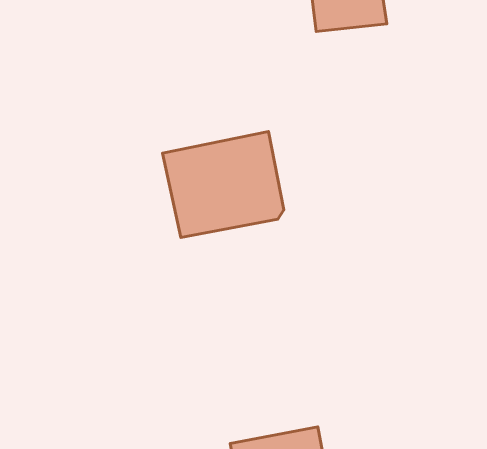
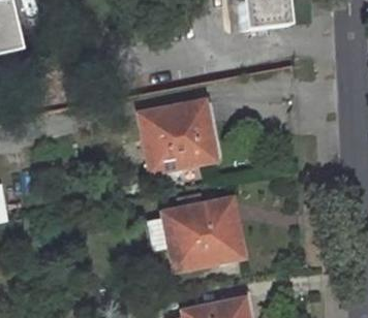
building: none -> [165,196,236,264]

